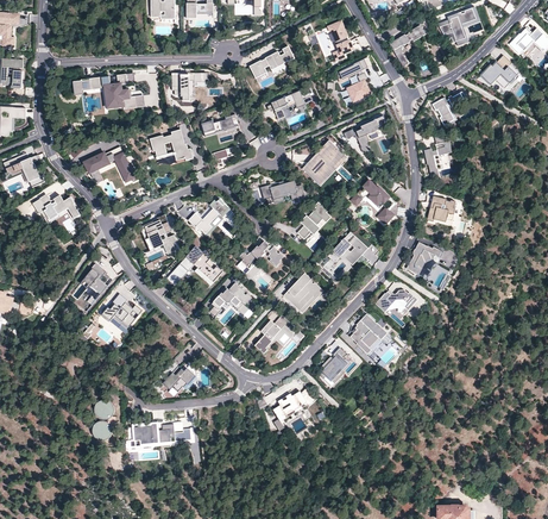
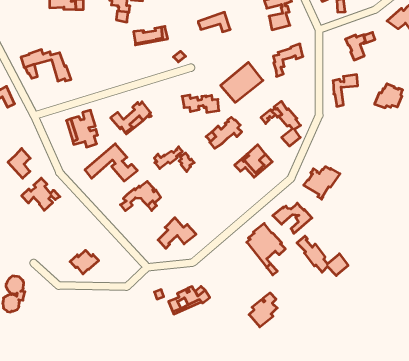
building: [149,129,193,161] -> none
building: [426,195,454,221] -> [375,84,403,108]
building: [284,273,323,314] -> none
building: none -> [297,236,348,276]
building: [319,348,348,386] -> [249,293,277,327]
building: [124,420,194,449] -> none

